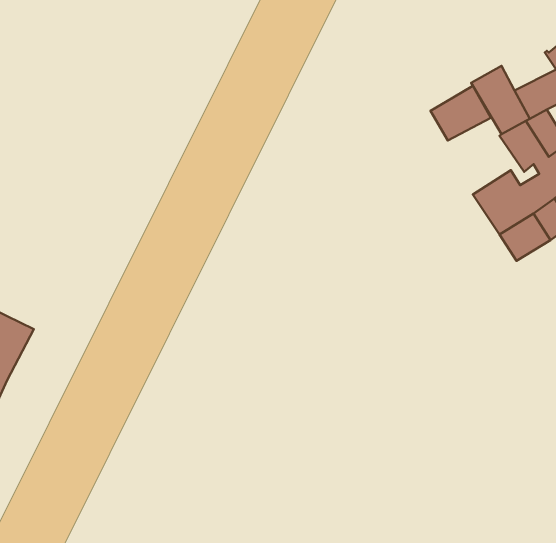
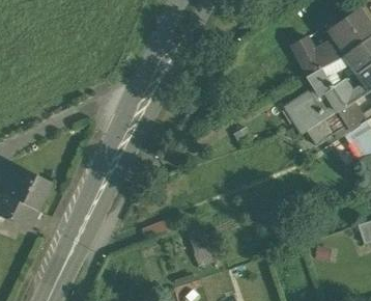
building: [431,86,491,140] -> none

